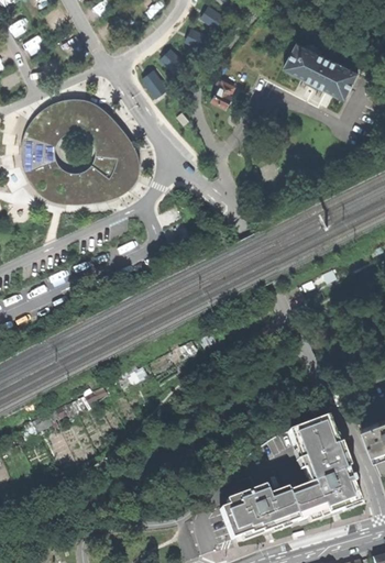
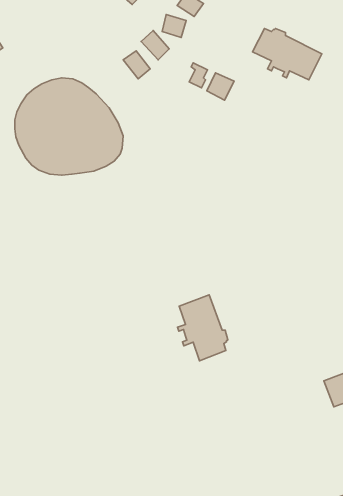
building: none -> [207,73,234,100]
building: none -> [178,295,228,361]
building: [219,421,359,542] -> none

